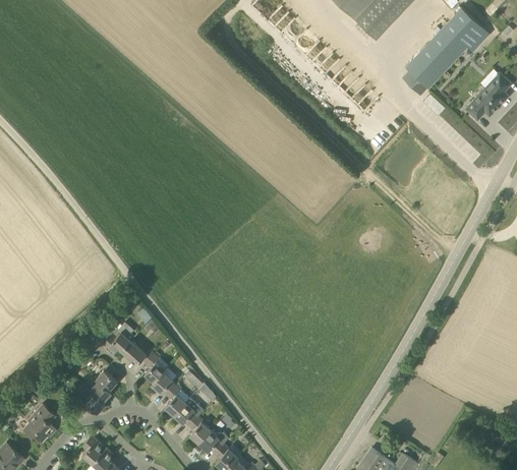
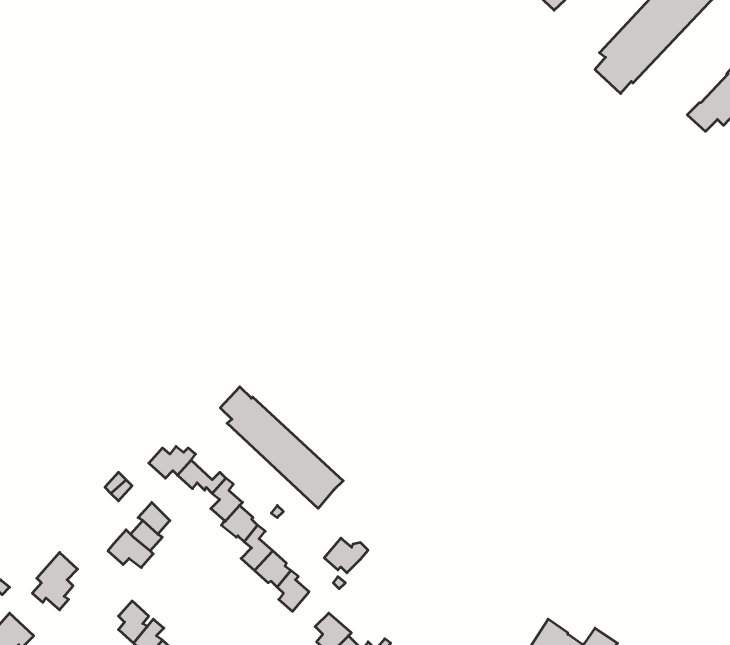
building: none -> [220,387,343,508]
building: [199,429,229,453] -> [324,538,368,573]

